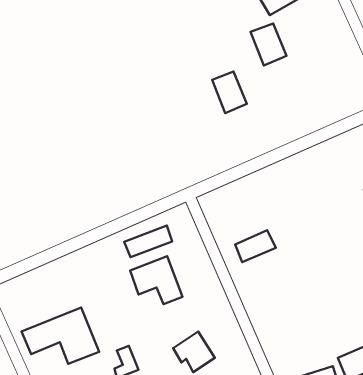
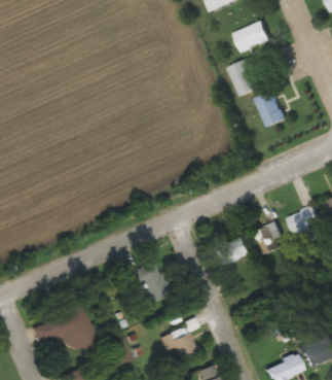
building: [212,71,247,113] -> [257,91,287,127]
building: none -> [293,211,322,239]
building: none -> [255,222,283,255]
building: [124,225,172,257] -> none

